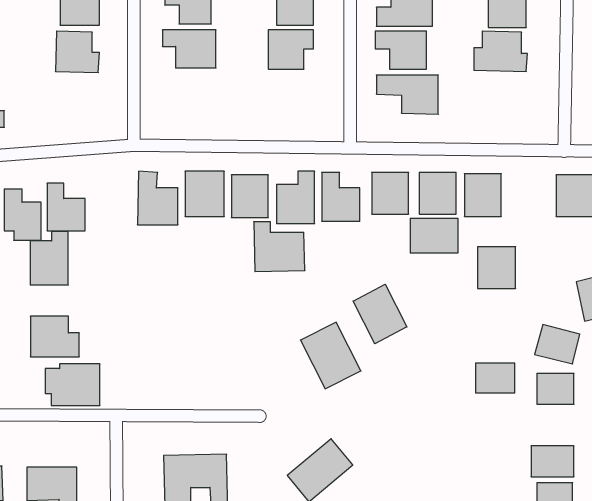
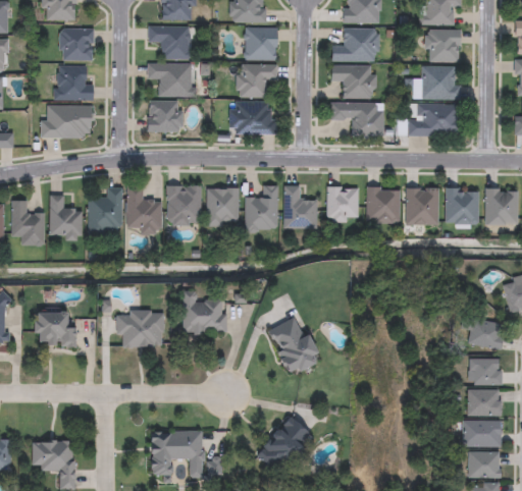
building: none -> [148,102,181,131]
building: none -> [230,104,276,134]
building: none -> [408,104,459,135]
building: none -> [42,106,91,138]
building: [410,218,458,253] -> none
building: [254,222,305,272] -> [182,288,226,331]
building: [30,231,68,285] -> [89,188,121,234]
building: [478,247,516,288] -> [446,188,478,224]
building: [353,284,407,344] -> none
building: [476,363,515,393] -> [467,390,501,416]
building: [45,364,100,405] -> [116,309,163,344]

